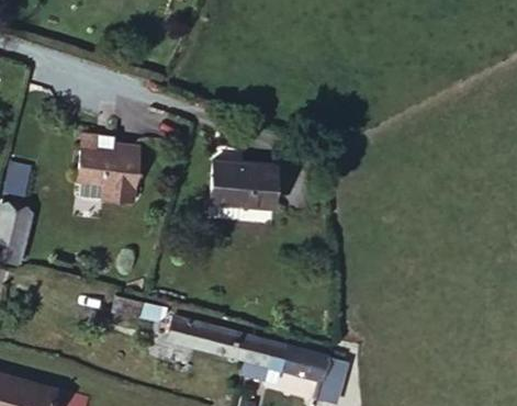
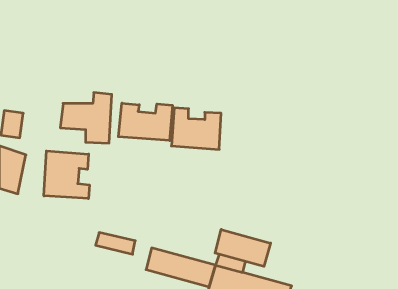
building: none -> [118,103,172,141]
building: none -> [44,151,89,199]
building: none -> [215,229,271,266]

